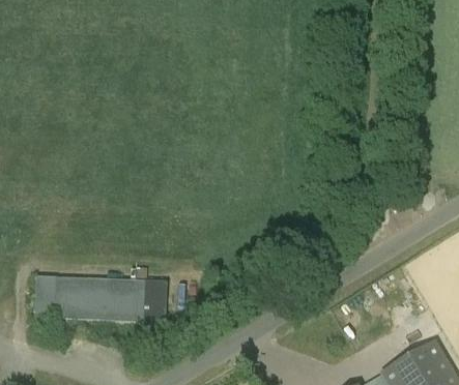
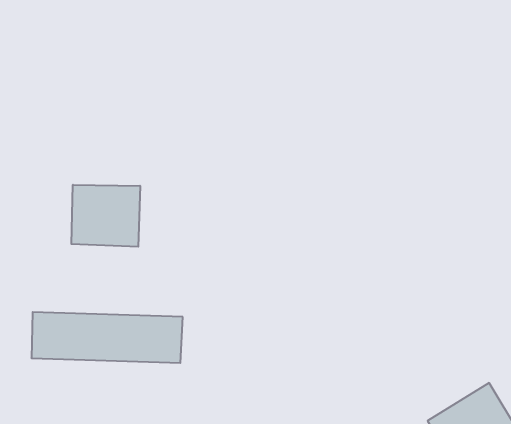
building: none -> [71,185,140,247]

